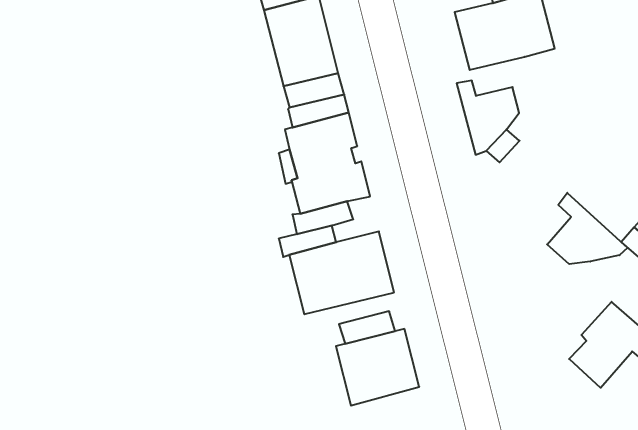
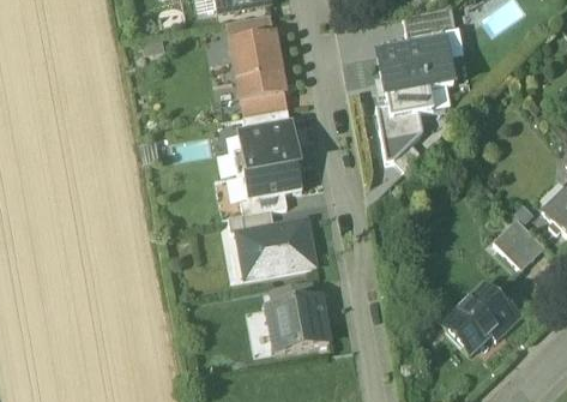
building: none -> [386,89,433,116]
building: [547,193,628,264] -> none

